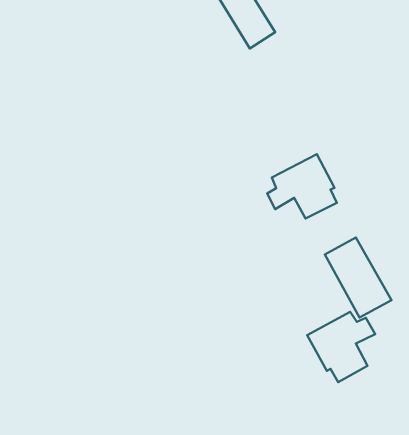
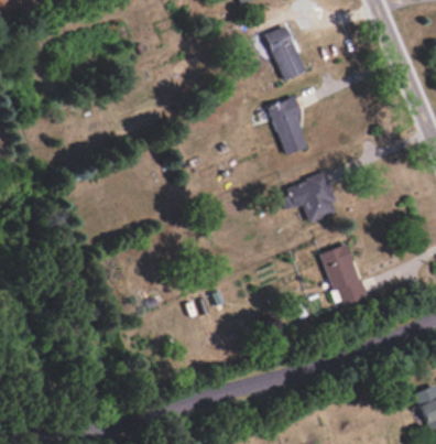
building: none -> [268,96,307,154]
building: [307,312,375,382] -> none

